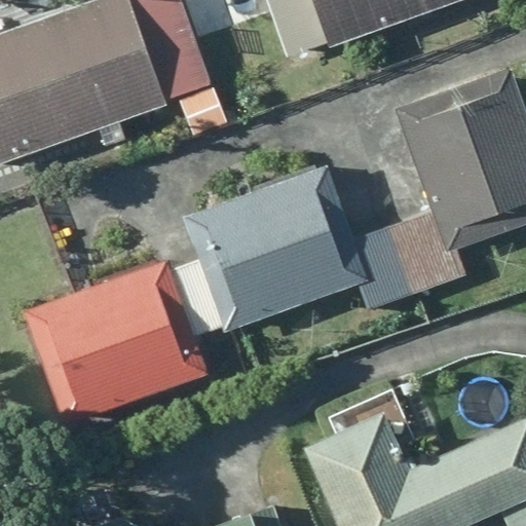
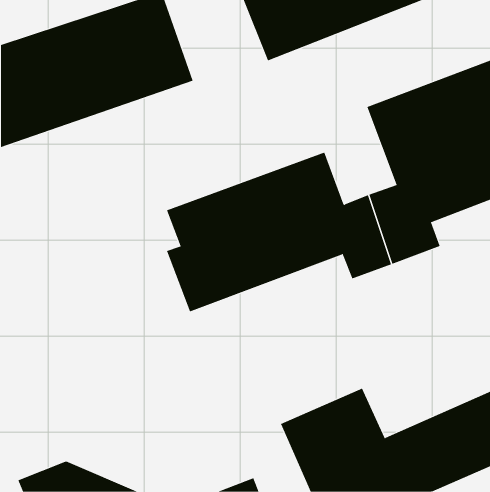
building: [26,265,226,437] -> none

